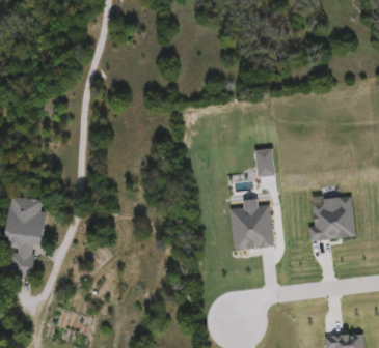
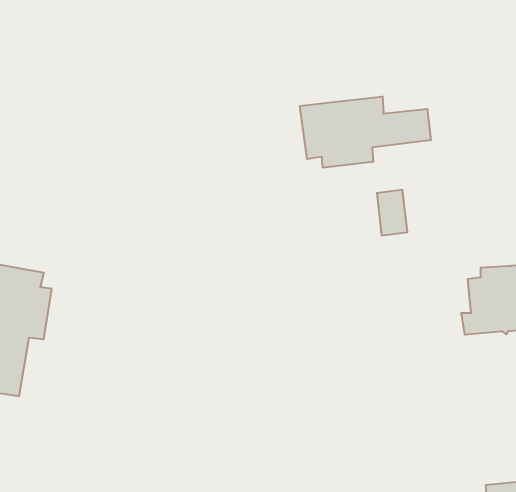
building: none -> [300,96,431,168]
building: [229,198,274,251] -> none

